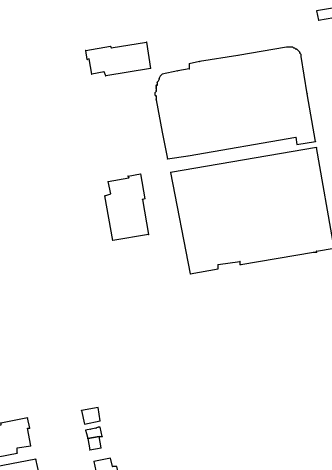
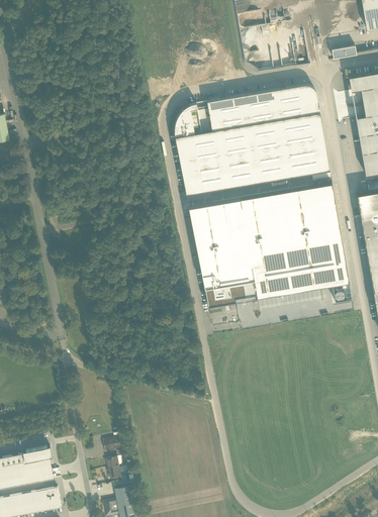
building: [86,42,151,76] -> none
building: [105,174,149,240] -> none

